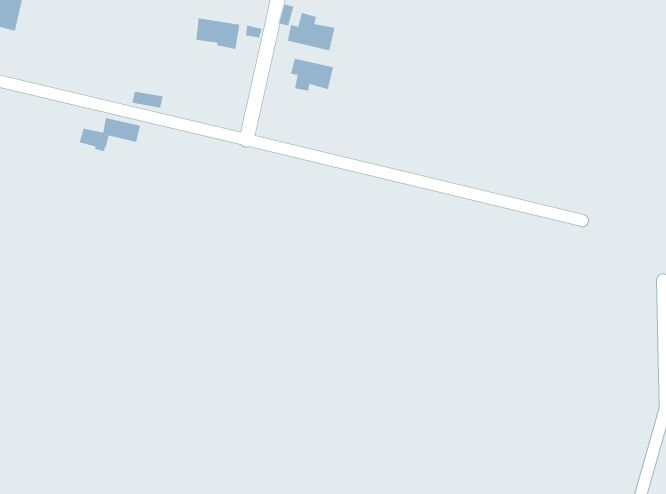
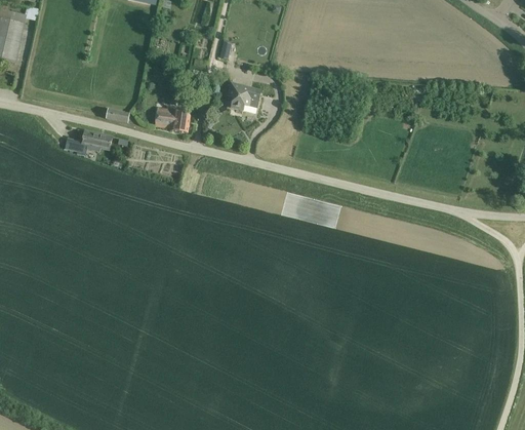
building: [287,12,335,51] -> none
building: [195,18,240,49] -> [155,108,190,132]

